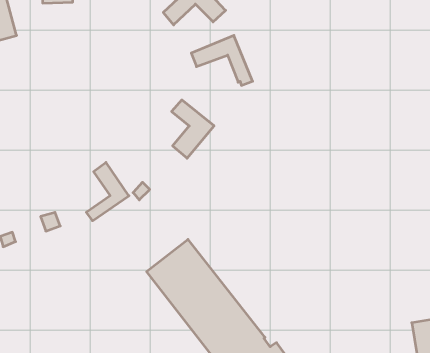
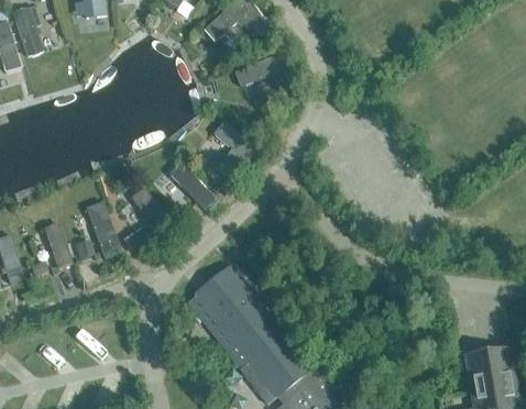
building: none -> [169,164,217,212]
building: none -> [87,201,125,261]
building: none -> [45,222,77,268]

